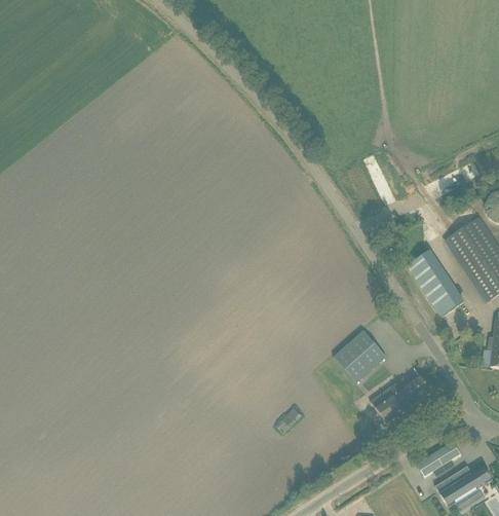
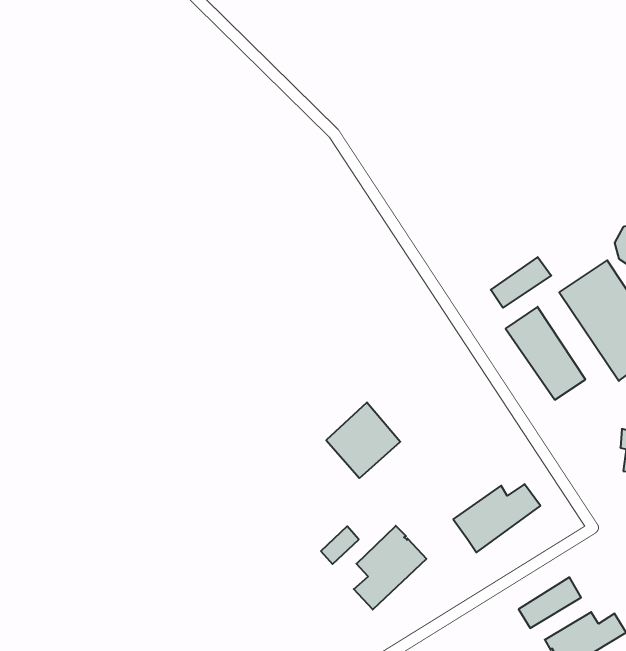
building: none -> [491,257,551,308]
building: [334,329,386,382] -> [326,402,400,478]
building: none -> [354,526,426,610]

